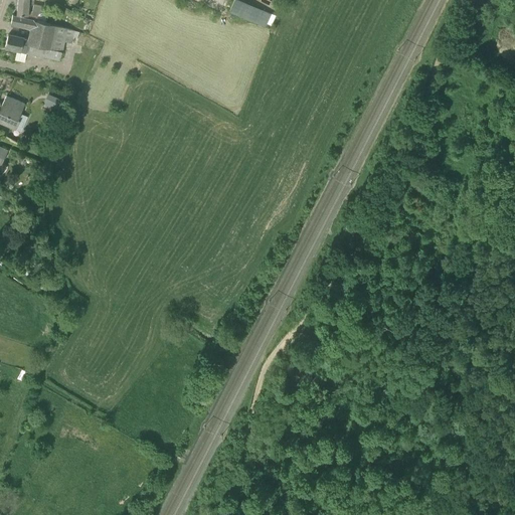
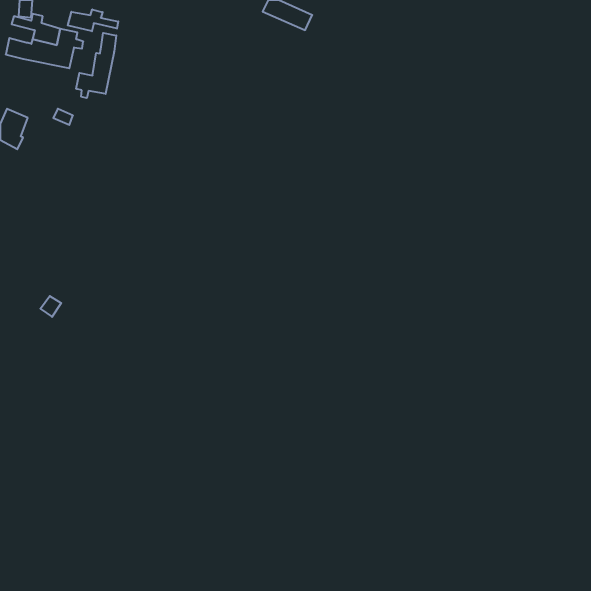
building: none -> [68,9,118,31]
building: none -> [76,33,116,98]

